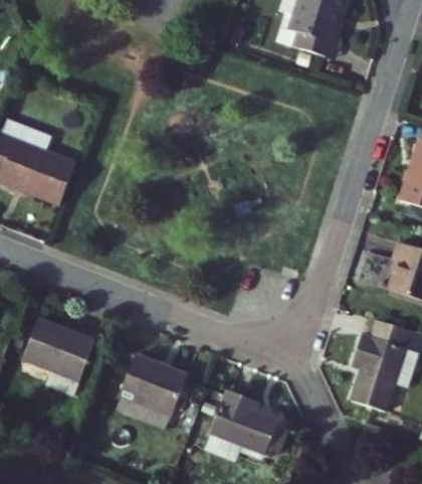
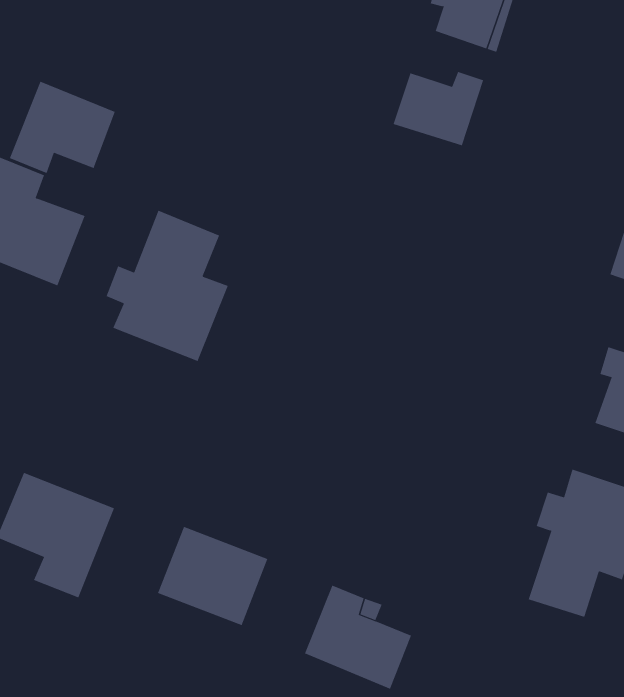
building: none -> [393,71,484,146]
building: none -> [9,81,115,174]
building: none -> [106,210,229,362]

